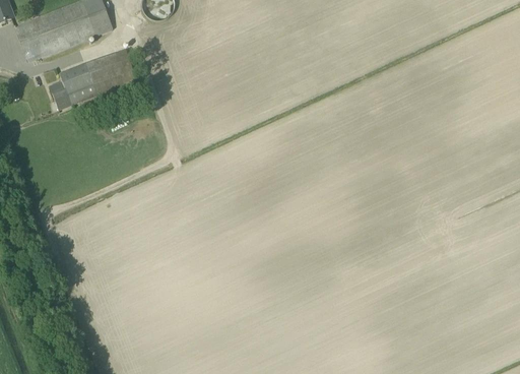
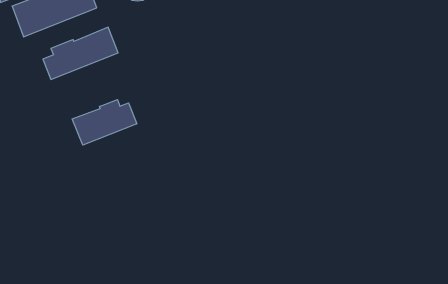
building: none -> [72,100,137,145]

